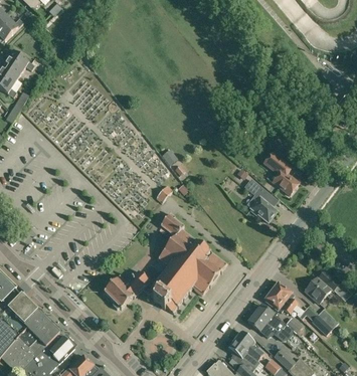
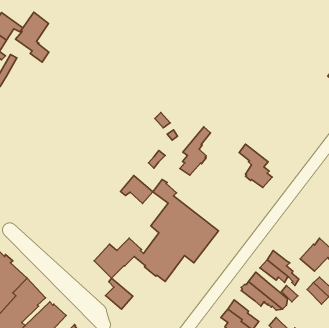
building: none -> [15,12,49,62]
building: [263,152,299,194] -> none
building: none -> [180,127,211,175]
building: none -> [121,176,153,203]
building: none -> [106,278,133,309]

